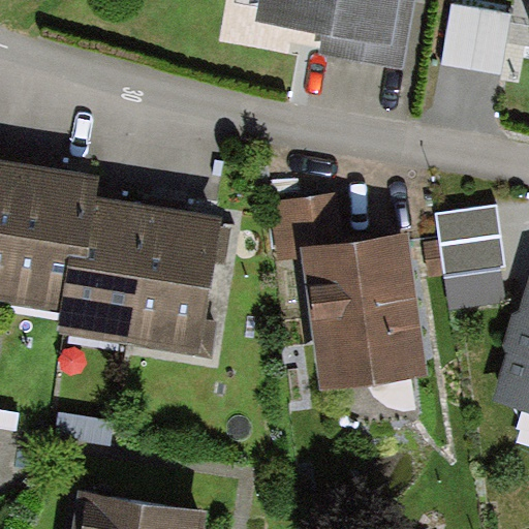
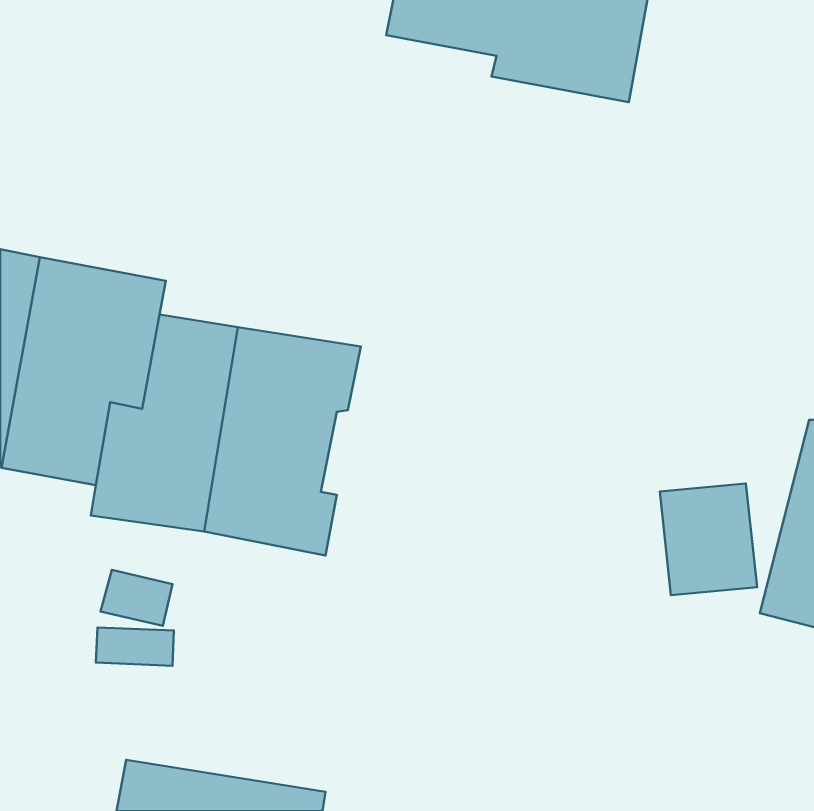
building: [447,4,515,75] -> none
building: [269,197,408,384] -> none
building: [431,201,494,274] -> [660,483,757,595]

